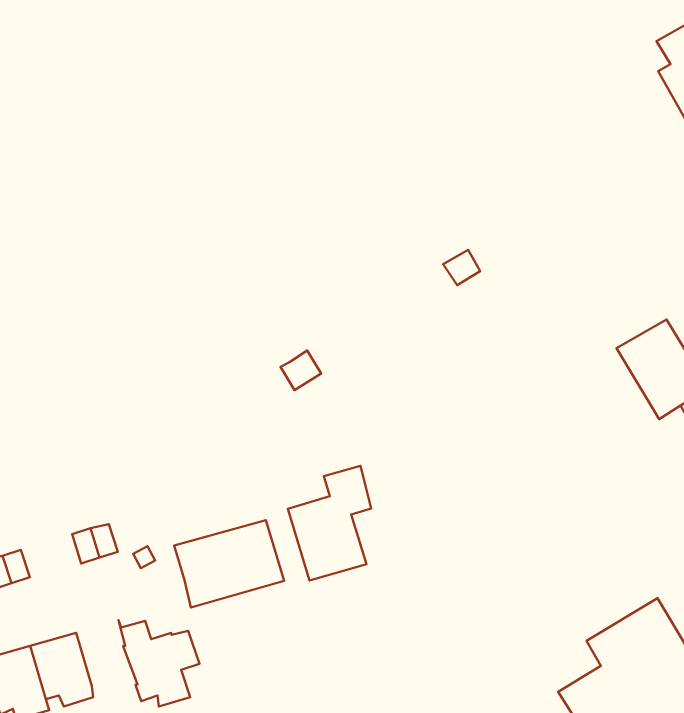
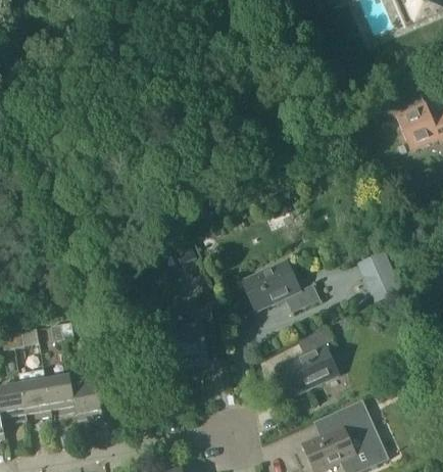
building: none -> [242,261,319,313]
building: none -> [280,326,338,394]
building: [174,520,284,607] -> none
building: none -> [47,376,77,414]

